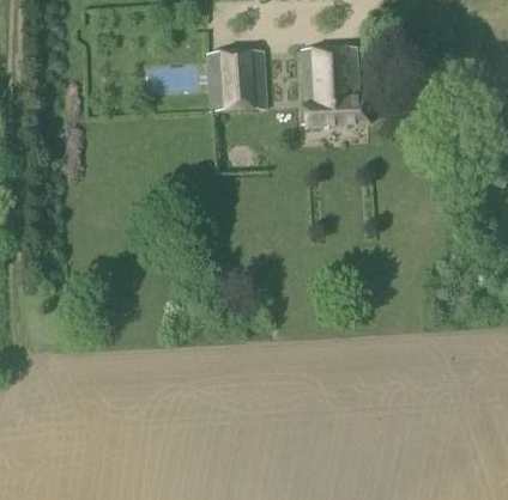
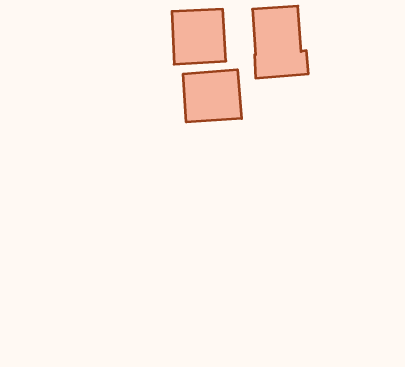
building: none -> [183,70,242,122]

